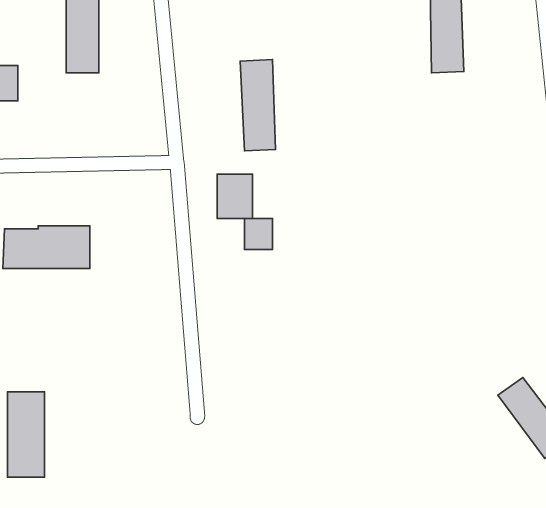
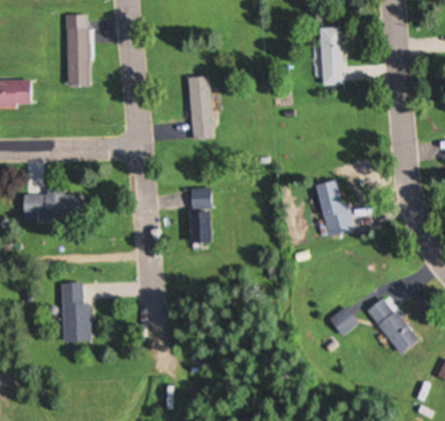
building: [217,174,252,218] -> [188,210,212,241]
building: none -> [315,178,354,237]
building: [8,392,44,477] -> [63,283,88,342]
building: none -> [330,307,359,335]

